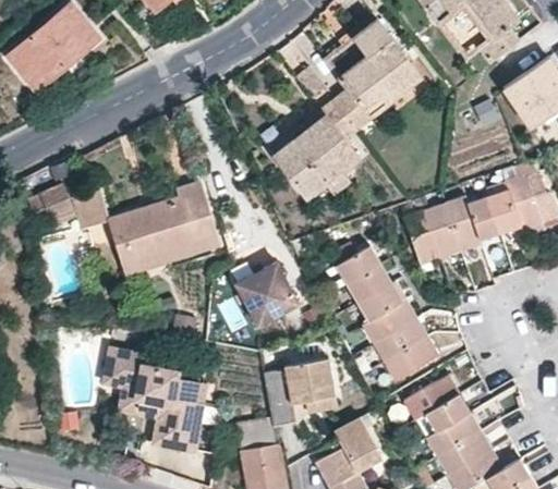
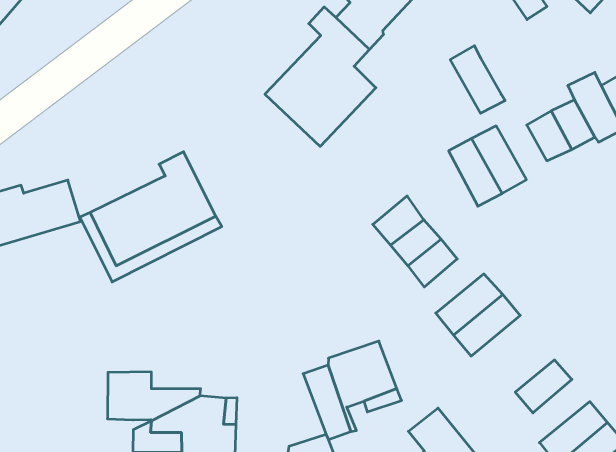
building: [445,197,482,250] -> [450,46,505,113]
building: [235,262,299,327] -> none
building: [362,298,415,342] -> none
building: [404,375,459,419] -> none
building: [425,412,481,456] -> none

